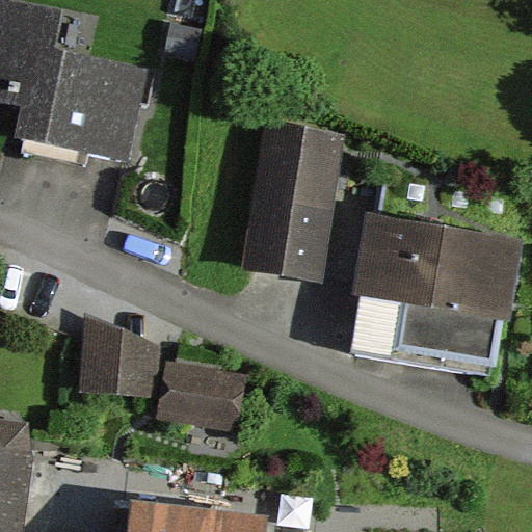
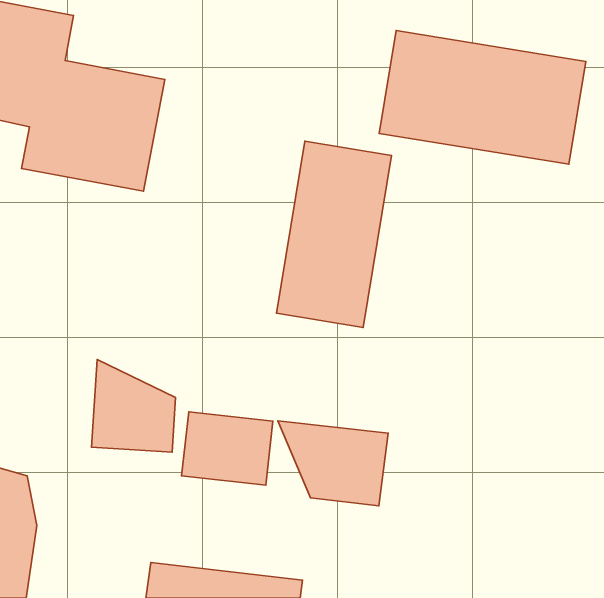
building: none -> [379,31,586,164]
building: [355,221,523,368] -> none
building: none -> [278,421,388,506]

